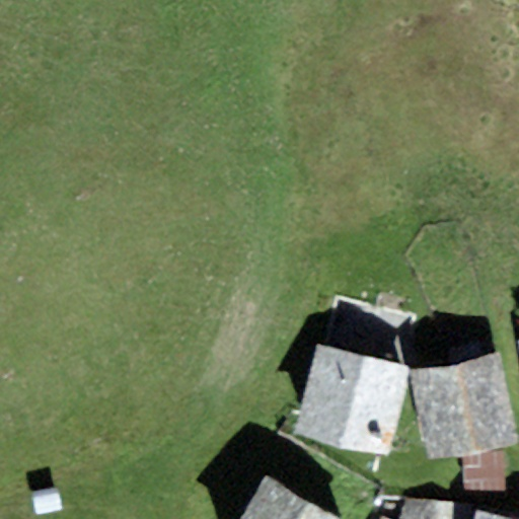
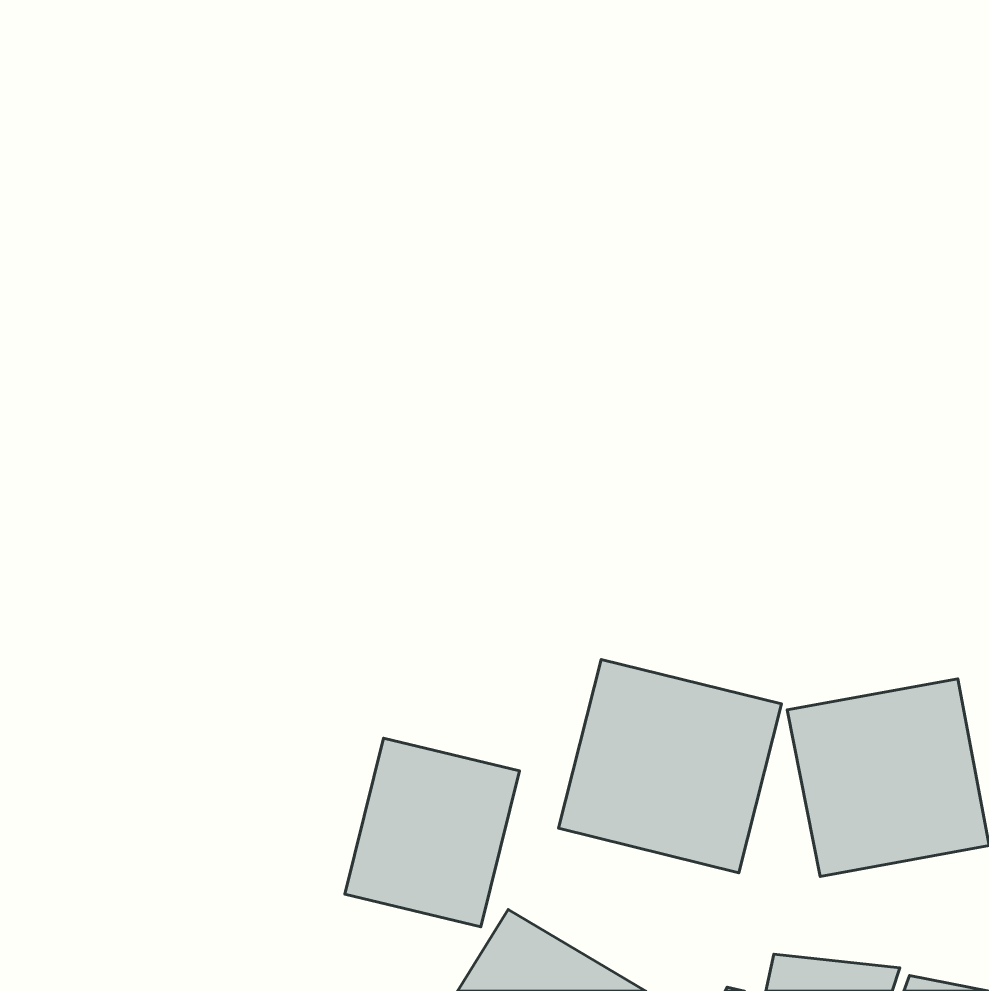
building: none -> [345,738,519,927]

